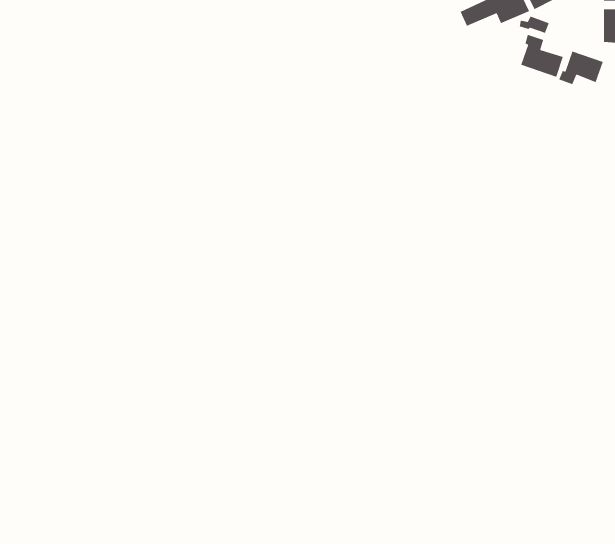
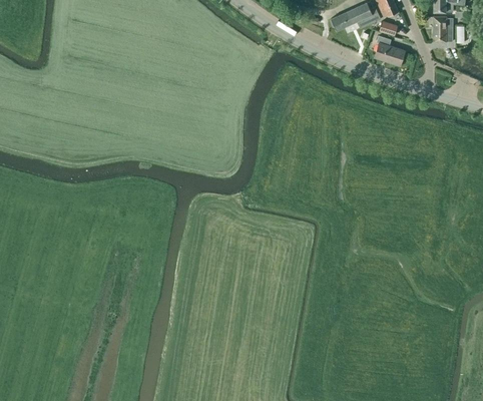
building: [558,51,604,85] -> none

